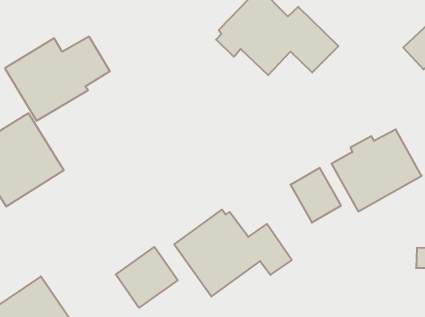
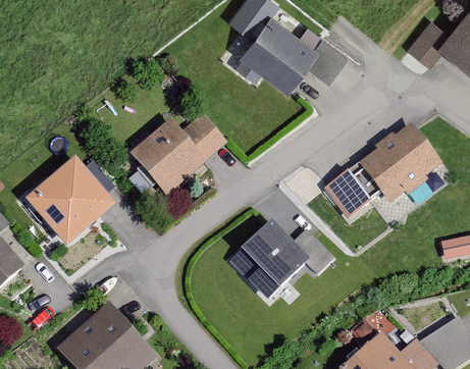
building: [5,37,110,121] -> [129,113,225,197]
building: [116,247,178,308] -> none

